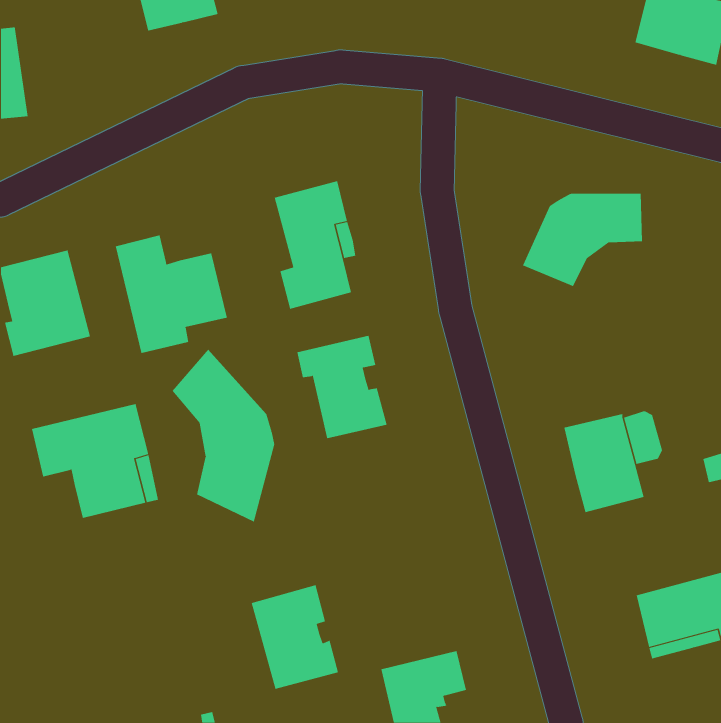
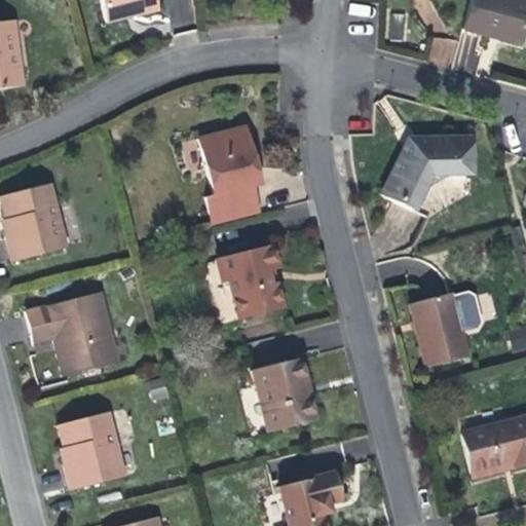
building: [115,234,227,354] -> none
building: [172,349,275,522] -> none
building: none -> [59,410,125,488]
building: [251,584,339,690] -> [254,353,317,429]

